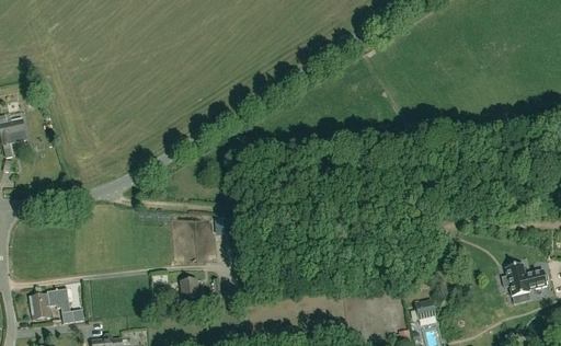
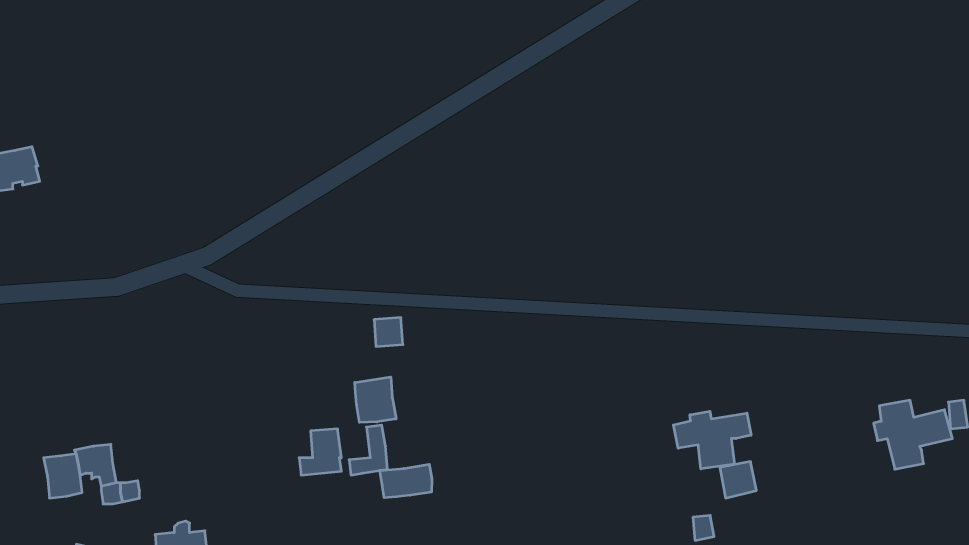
building: none -> [355,377,396,422]
building: none -> [673,411,751,469]
building: none -> [380,464,432,498]

